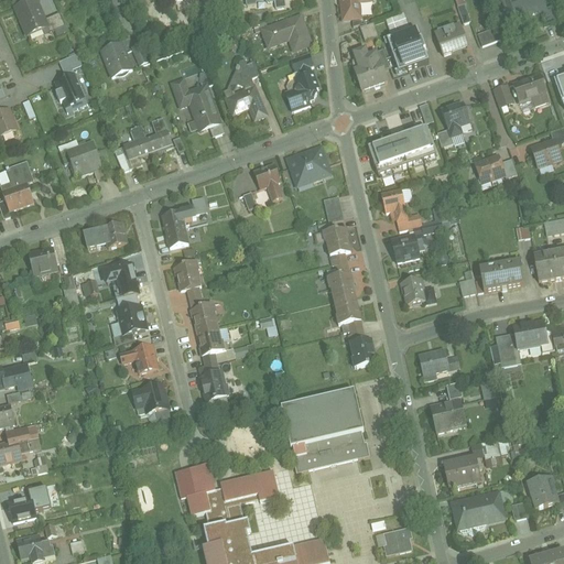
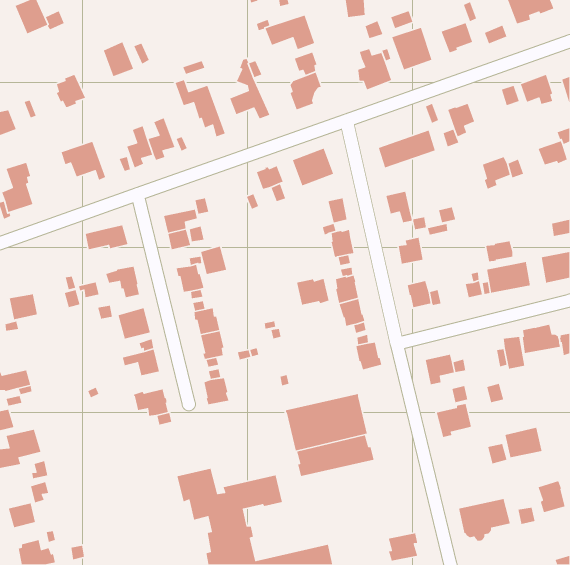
building: none -> [485,241,513,262]
building: none -> [200,246,227,275]
building: [29,247,57,273] -> [9,294,38,320]
building: none -> [296,276,330,305]
building: [443,455,480,486] -> [504,427,542,458]

